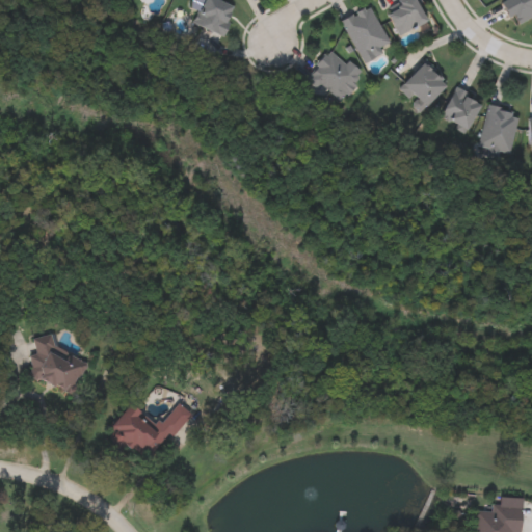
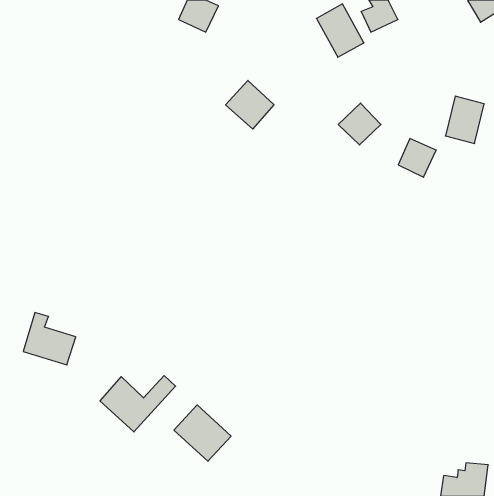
building: [308,50,360,102] -> [226,80,274,129]
building: [403,61,449,106] -> [338,103,381,145]
building: [443,87,483,129] -> [398,138,436,177]
building: none -> [174,405,231,461]

